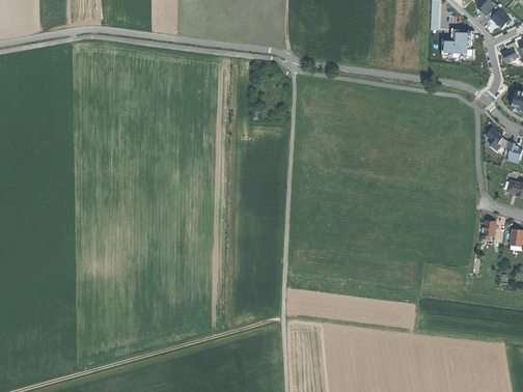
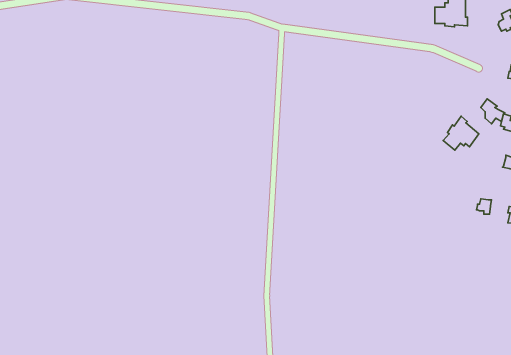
building: none -> [443,116,479,150]

